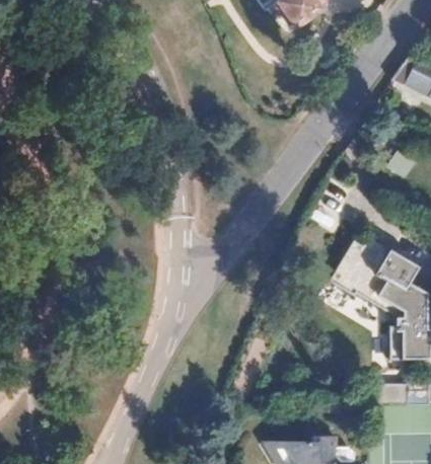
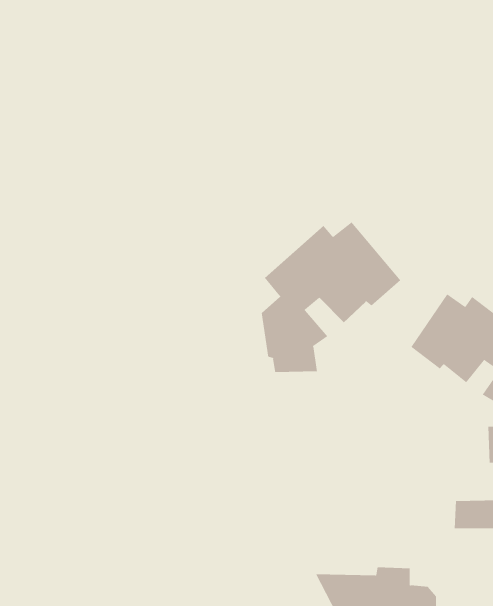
building: none -> [261,221,401,373]

